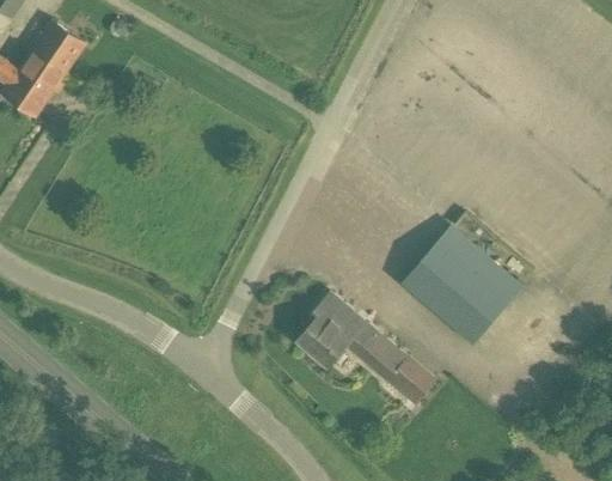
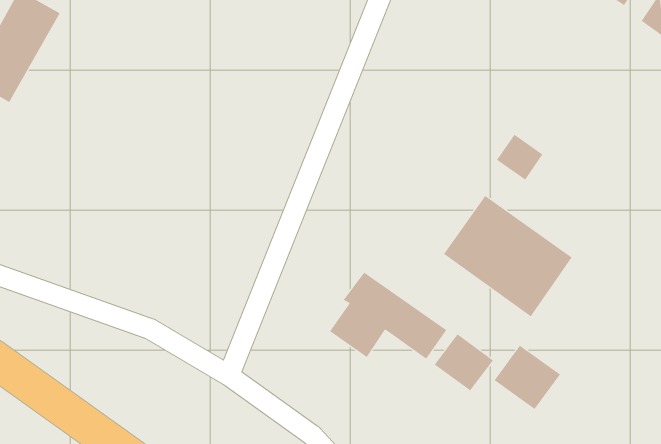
building: none -> [496,134,543,181]
building: none -> [494,345,561,410]

